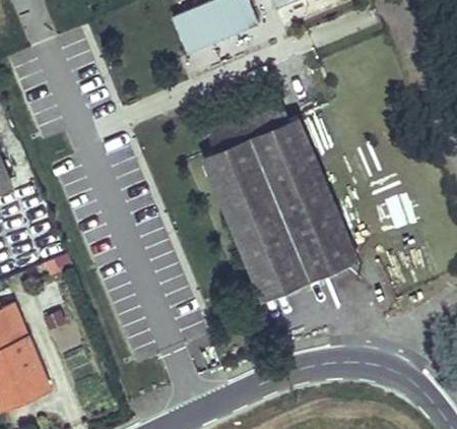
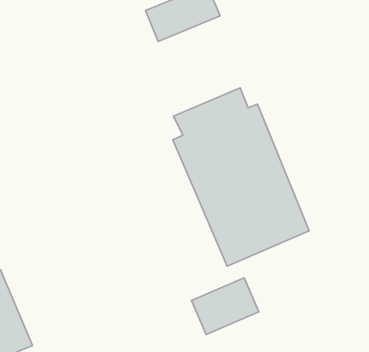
building: none -> [191,278,259,335]

